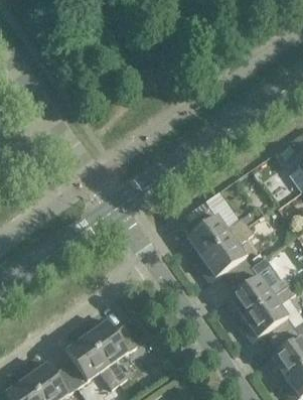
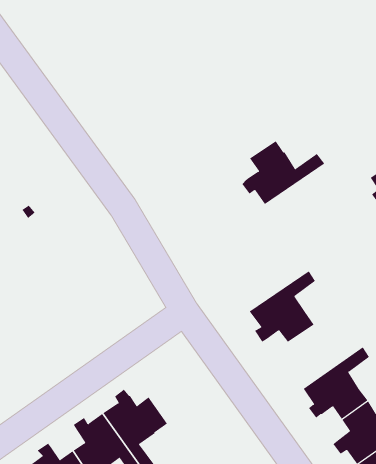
building: [183,206,249,256] -> [241,140,325,205]
building: [225,266,291,316] -> none

